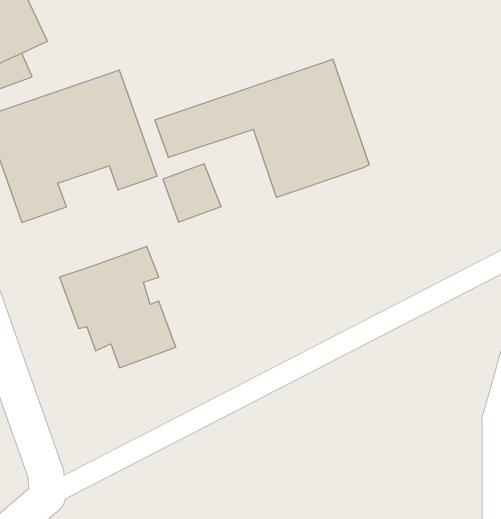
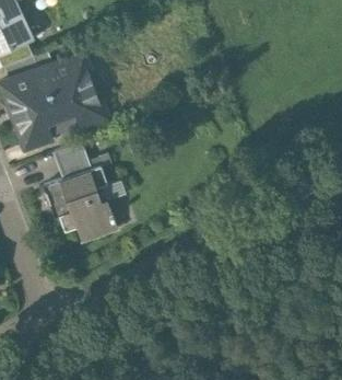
building: [155,59,369,197] -> none
building: [163,164,221,222] -> [54,141,91,179]

